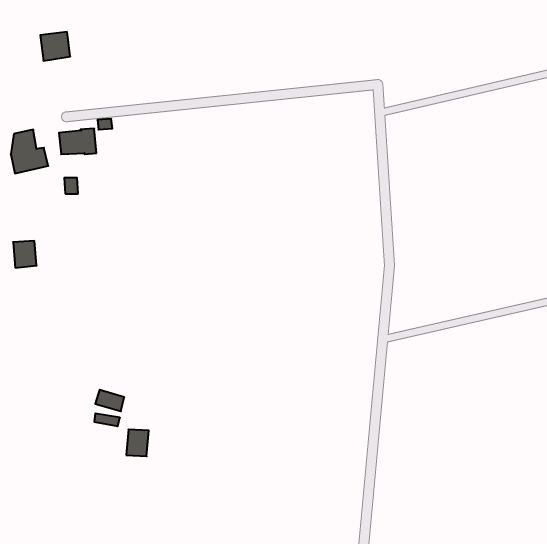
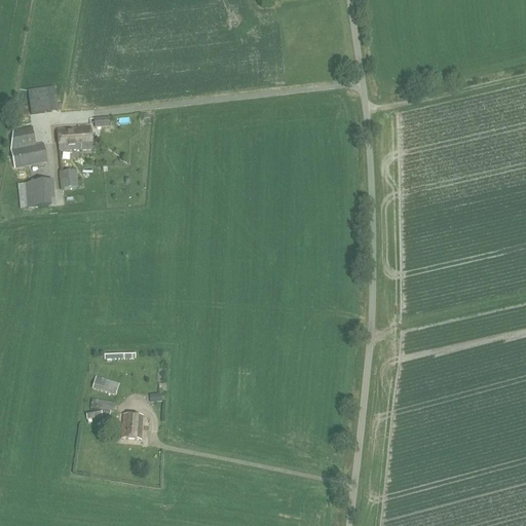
building: [40,32,70,61] -> [28,84,57,112]
building: [13,241,37,268] -> [26,180,48,205]

